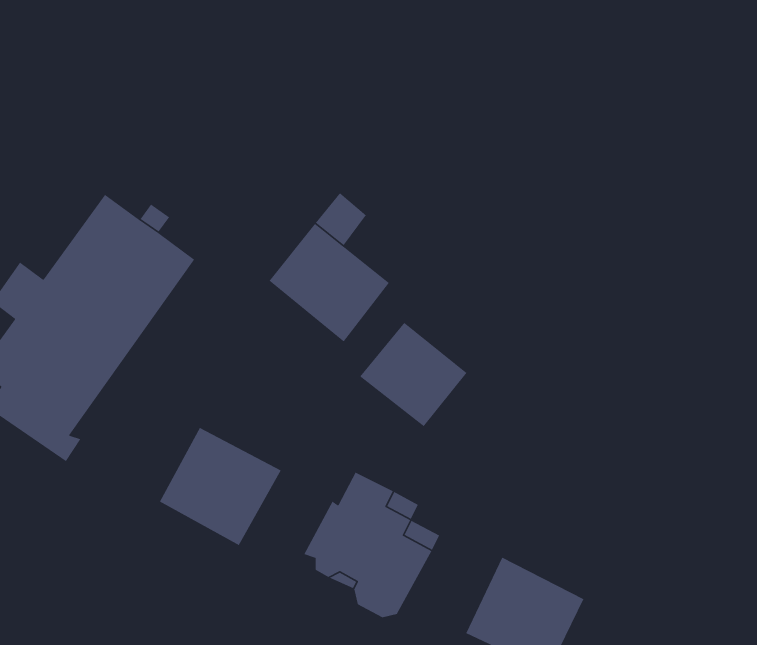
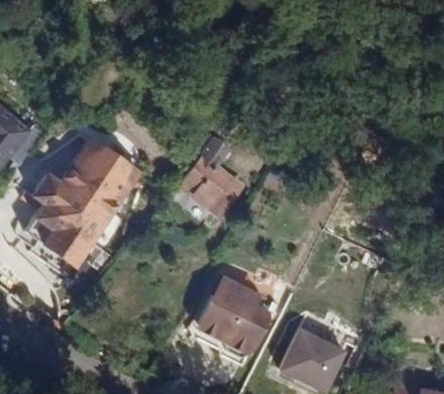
building: [359,322,467,427] -> none
building: [159,427,282,546] -> none

